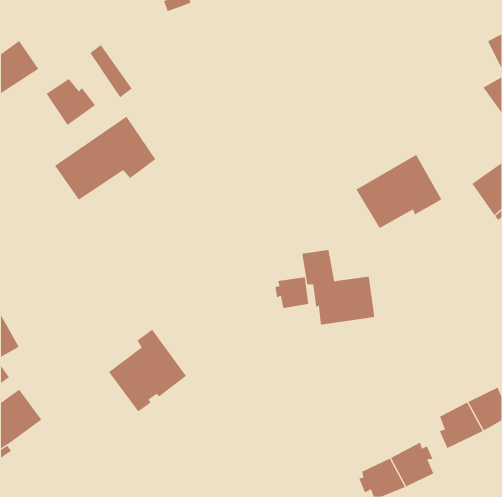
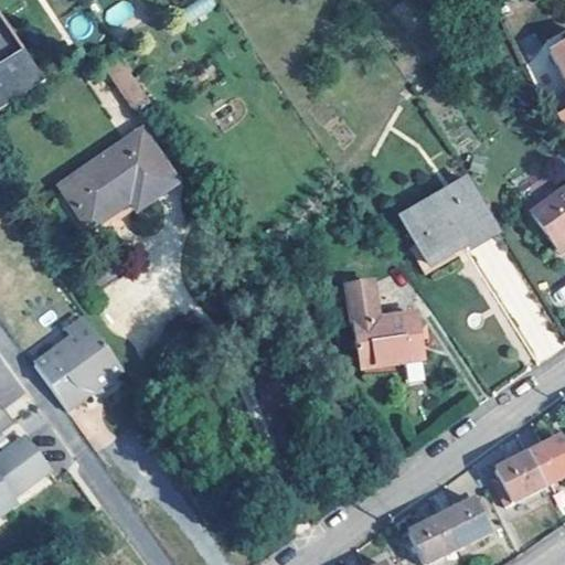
building: [46,78,96,126] -> none
building: [275,277,309,309] -> none
building: [108,329,187,412] -> [35,316,124,409]

